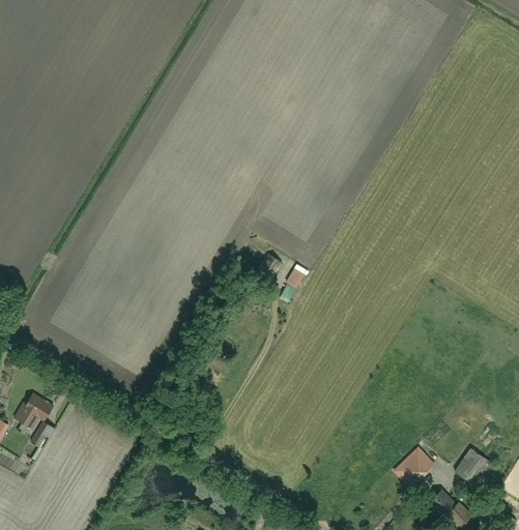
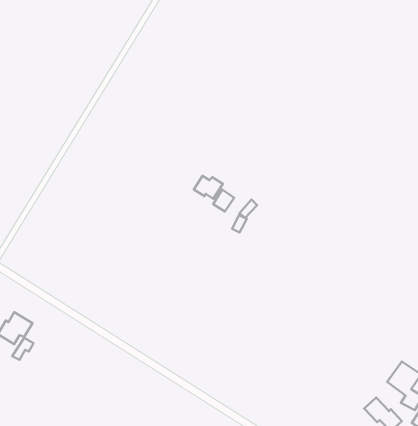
building: none -> [194,176,223,199]
building: [393,447,433,488] -> none

